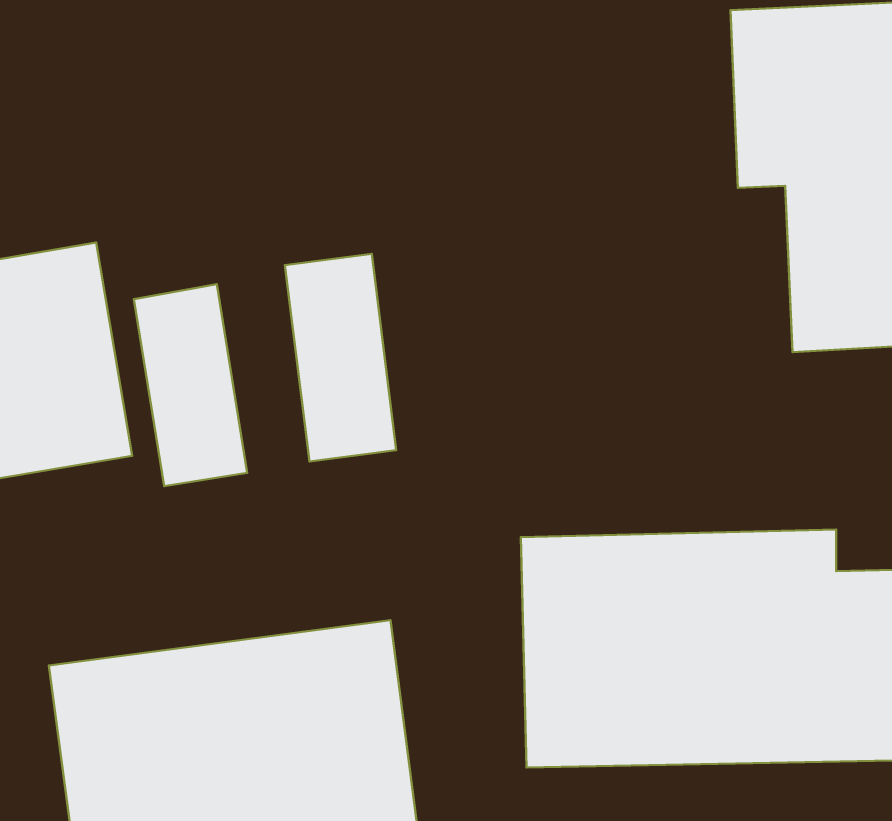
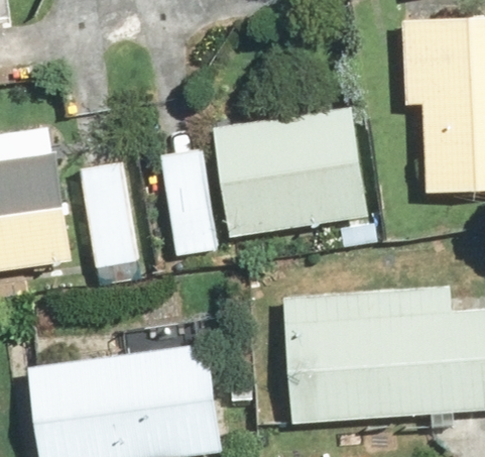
building: none -> [216,102,373,233]

